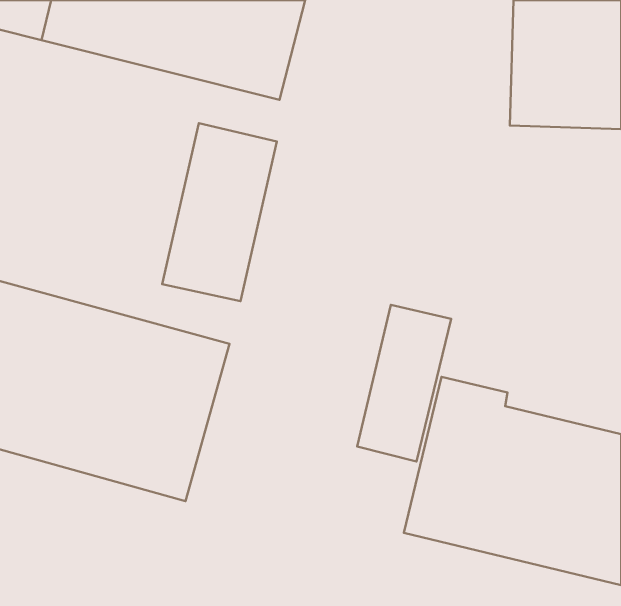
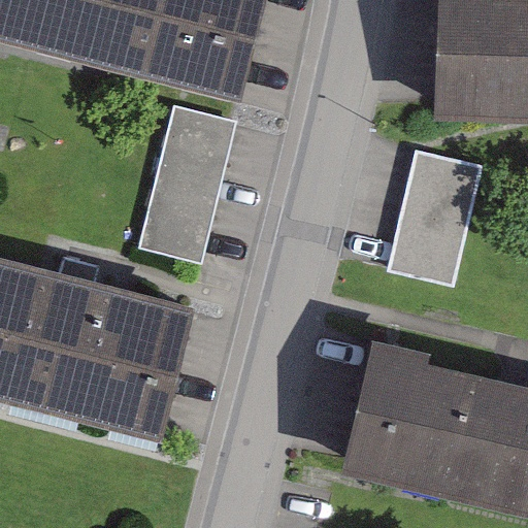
building: none -> [389,168,488,304]
building: [357,305,451,461] -> none

